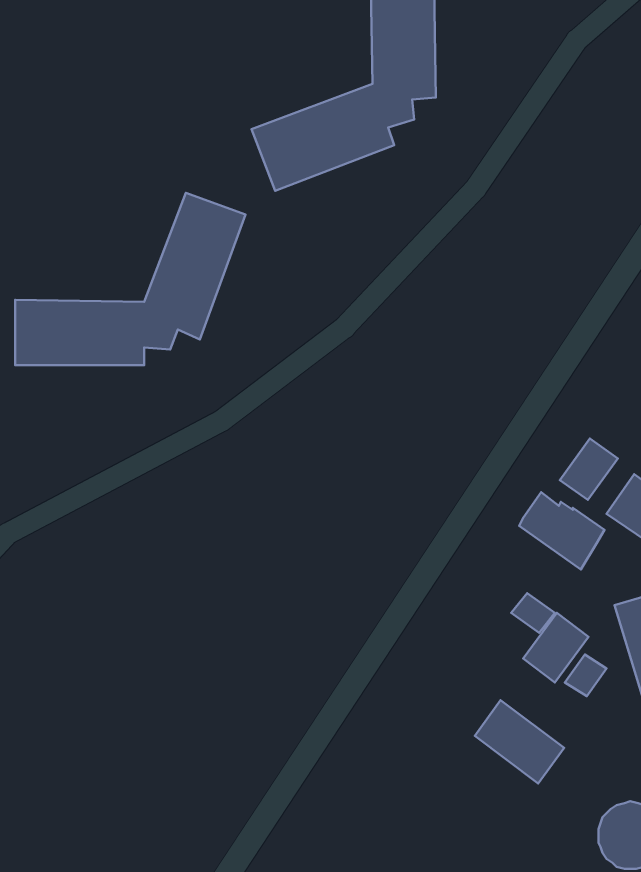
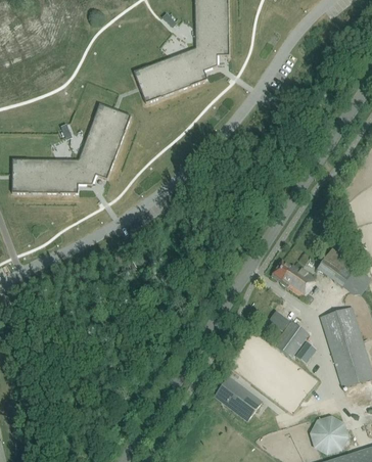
building: [560,439,618,500] -> none
building: [475,700,564,783] -> [215,377,261,420]

